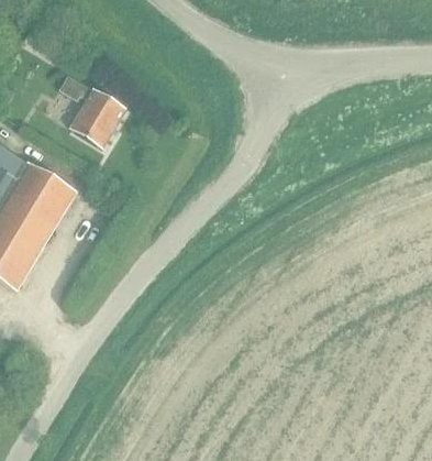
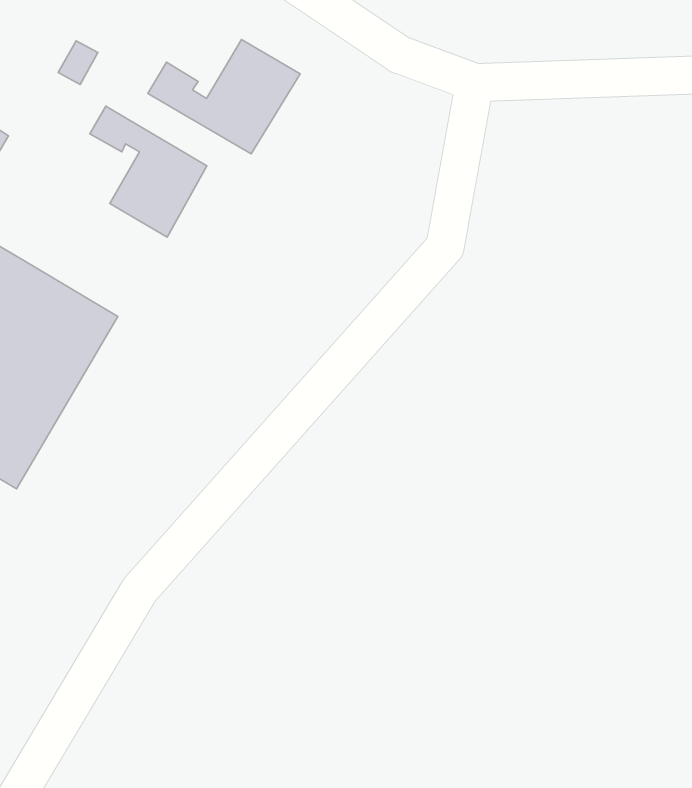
building: none -> [148,39,300,154]

